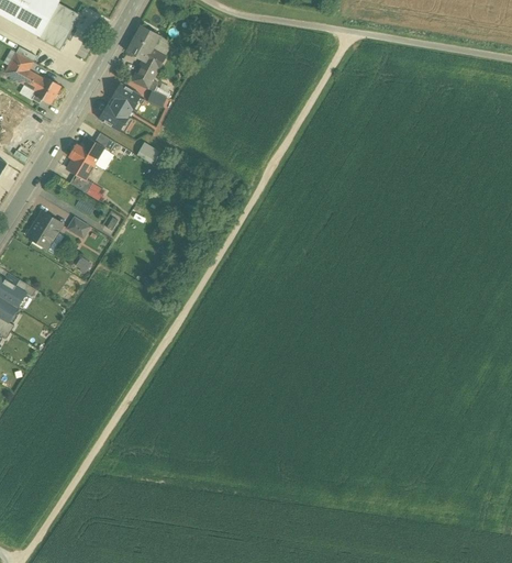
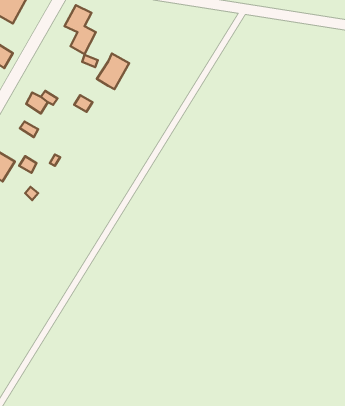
building: [100,79,141,124] -> [97,53,129,89]
building: [66,151,94,179] -> none

